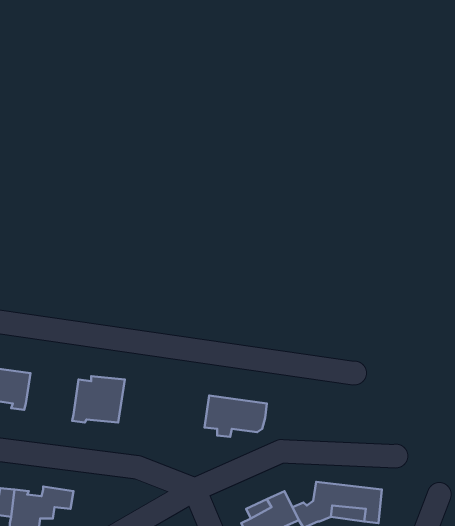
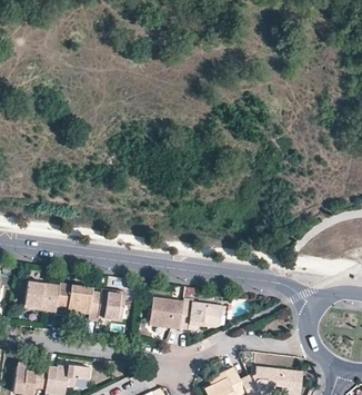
building: none -> [54,282,91,314]
building: none -> [149,297,182,327]

